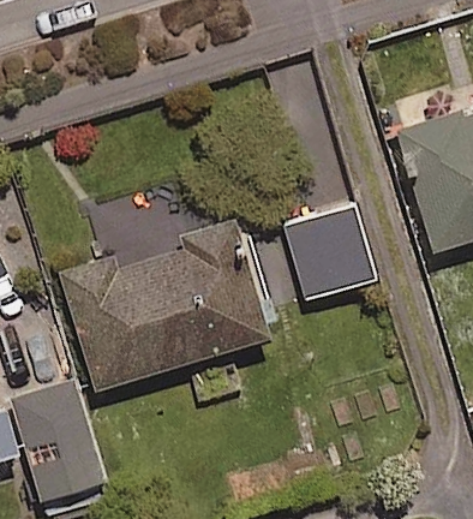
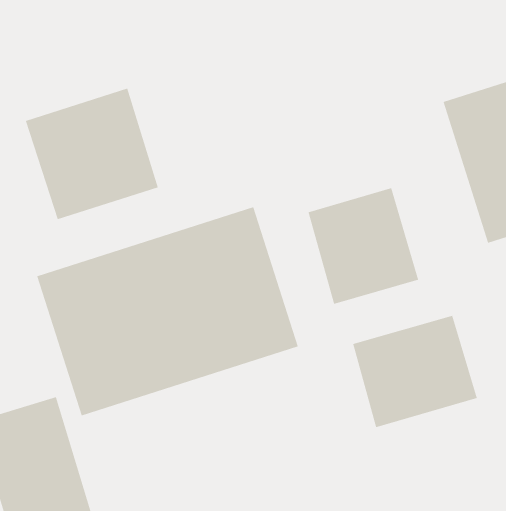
building: none -> [25,88,159,220]
building: none -> [352,315,478,428]

